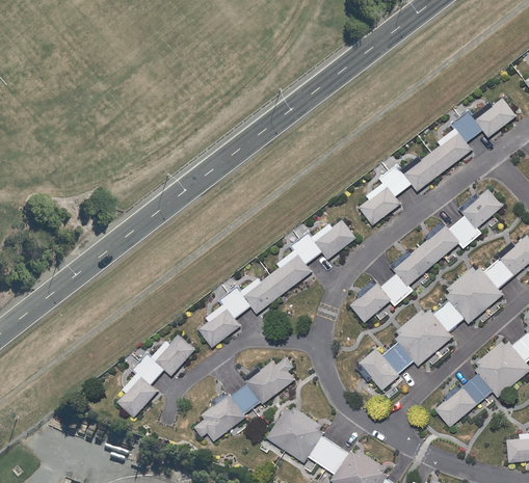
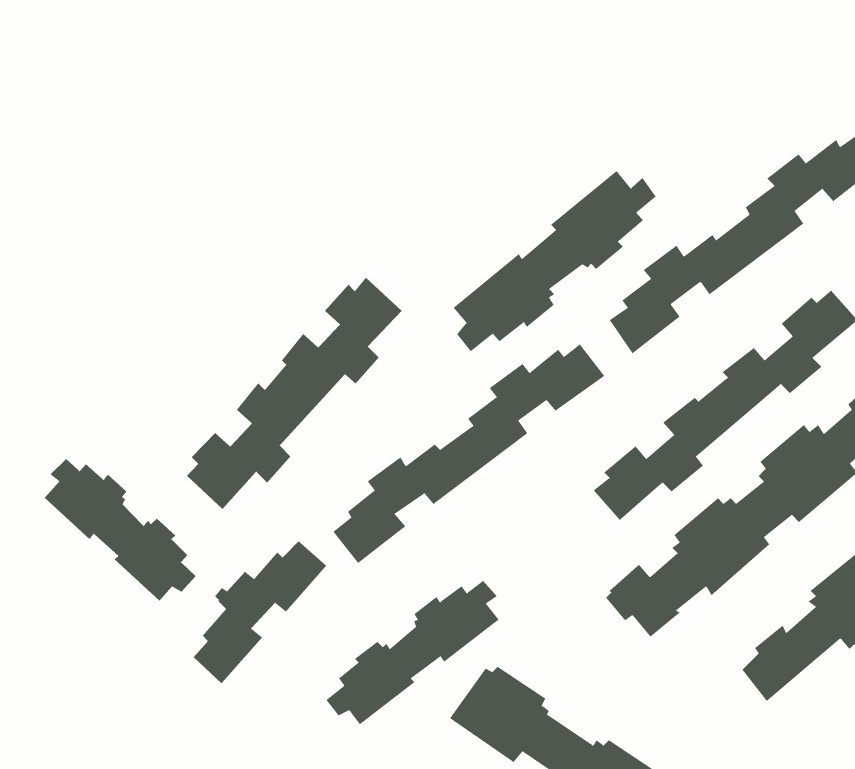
building: none -> [453,170,656,352]
building: none -> [186,277,403,510]
building: none -> [44,458,197,602]

